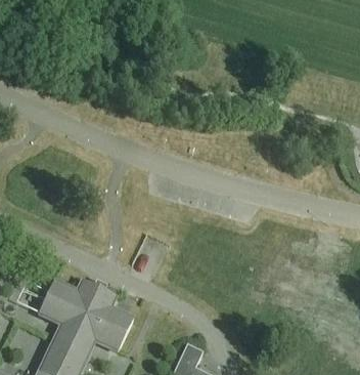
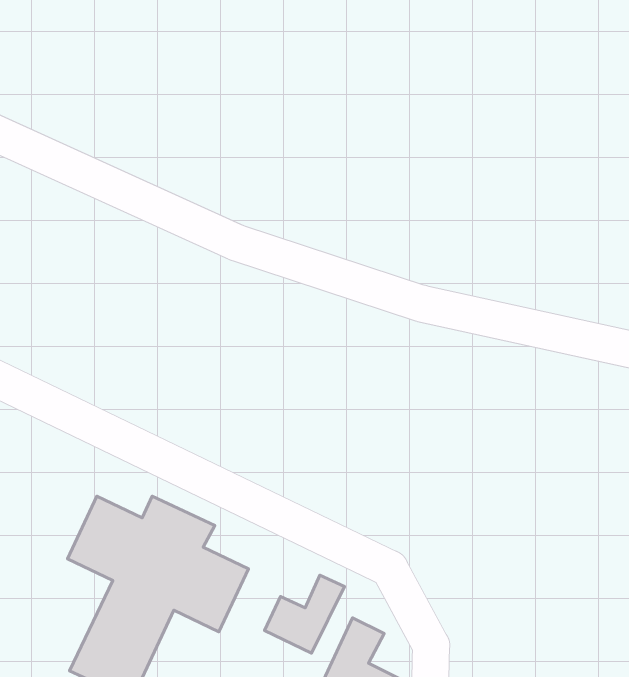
building: none -> [264,575,344,653]

